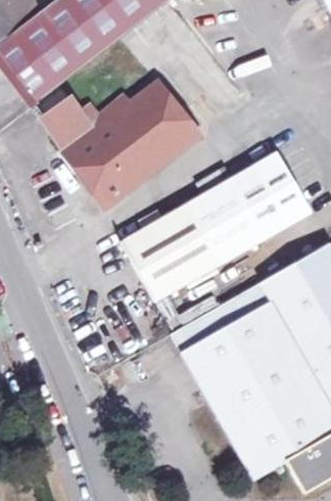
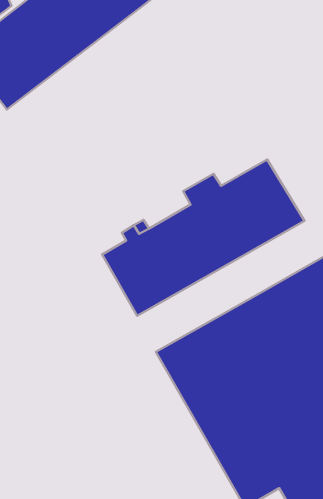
building: [40,80,198,207] -> none

